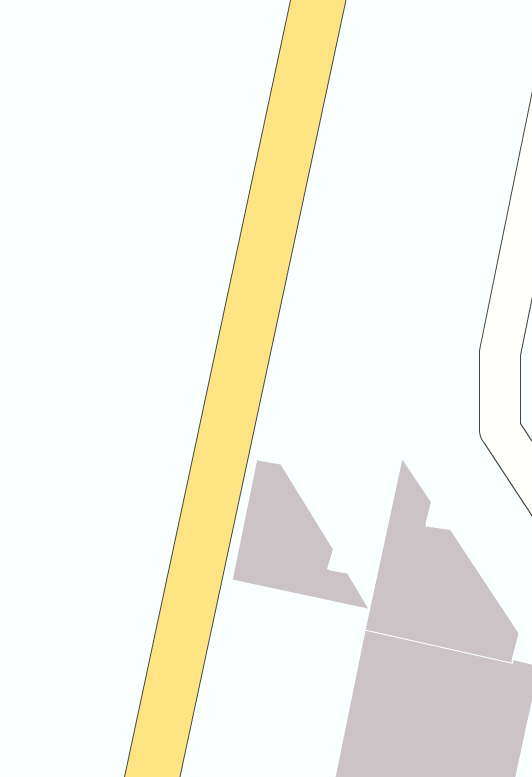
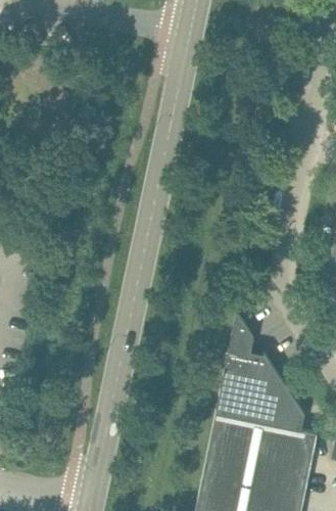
building: [232,459,369,610] -> none

